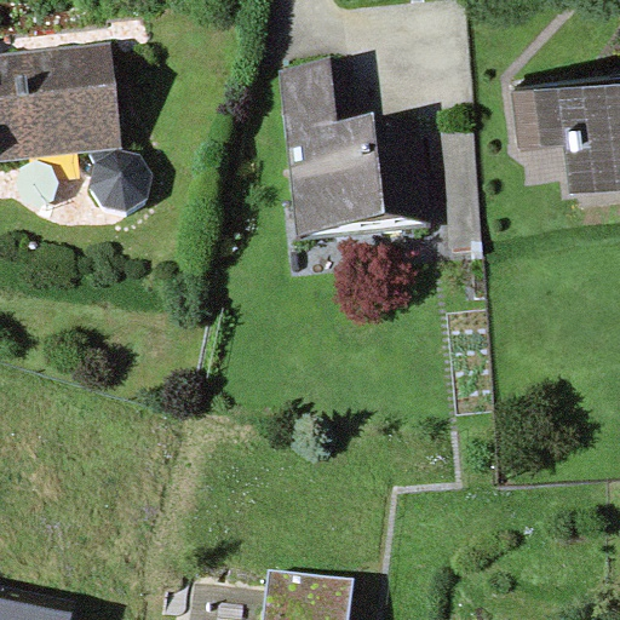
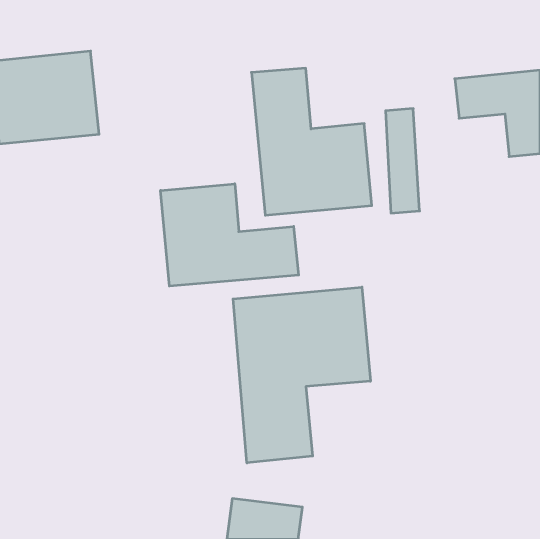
building: none -> [161,184,299,286]
building: none -> [233,287,370,463]

